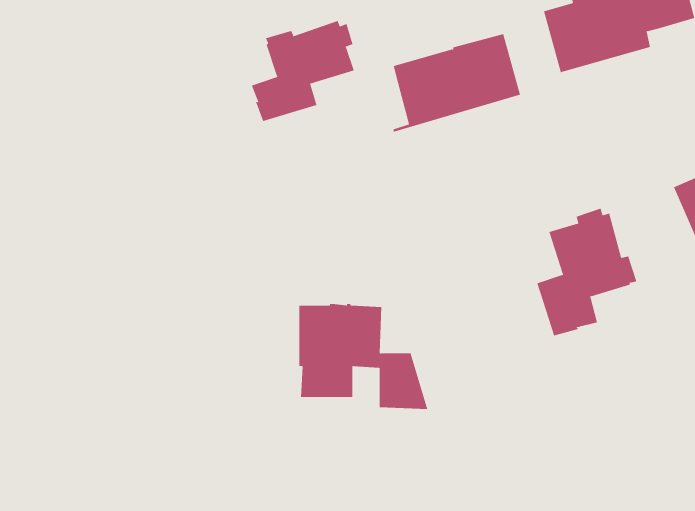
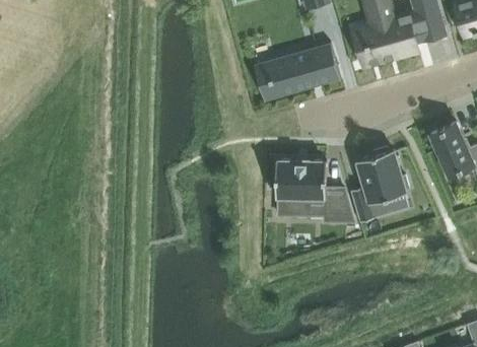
building: [251,20,355,122] -> none
building: [298,303,428,409] -> [276,159,353,222]

